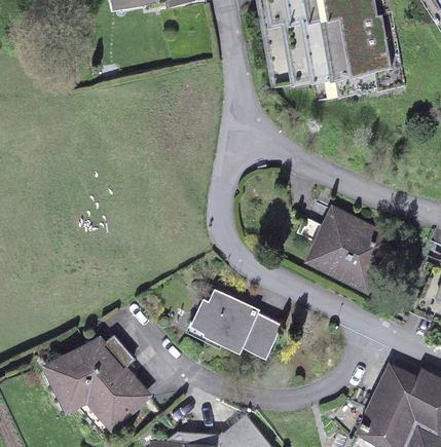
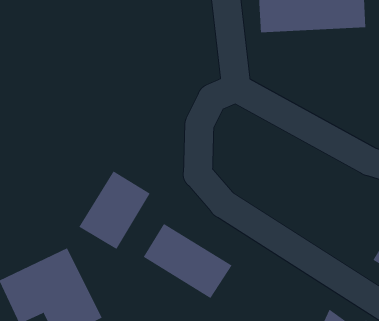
building: [306,209,400,295] -> none
building: none -> [78,170,151,250]

